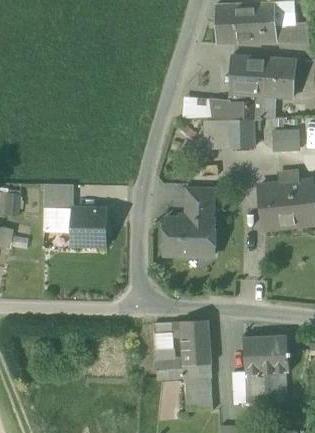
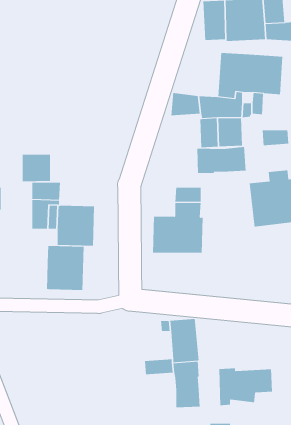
building: none -> [197,146,246,174]
building: none -> [22,154,51,182]
building: none -> [47,245,84,291]
building: [245,334,288,372] -> none

